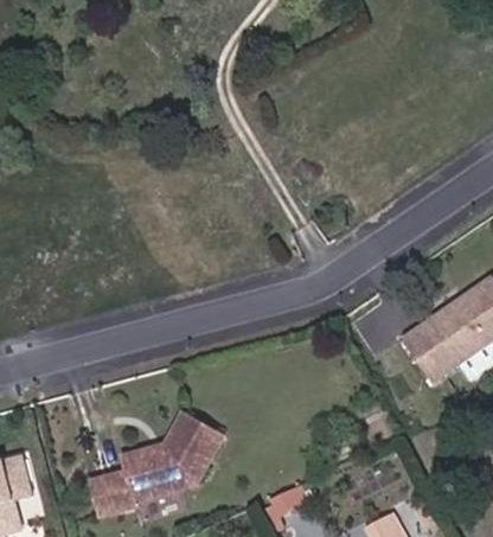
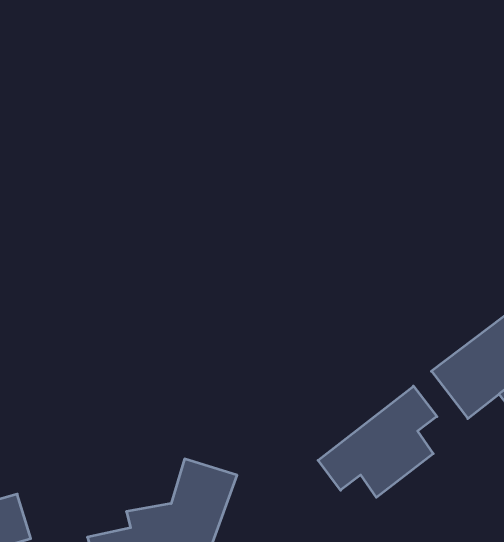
building: none -> [318,386,437,497]

